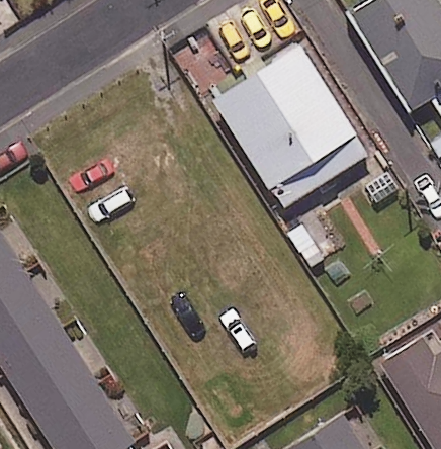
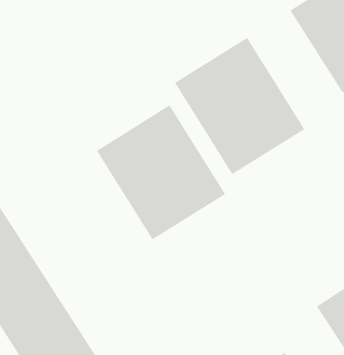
building: none -> [96,105,226,240]

